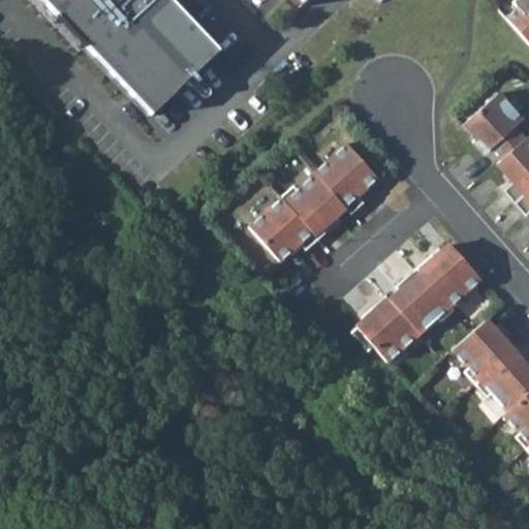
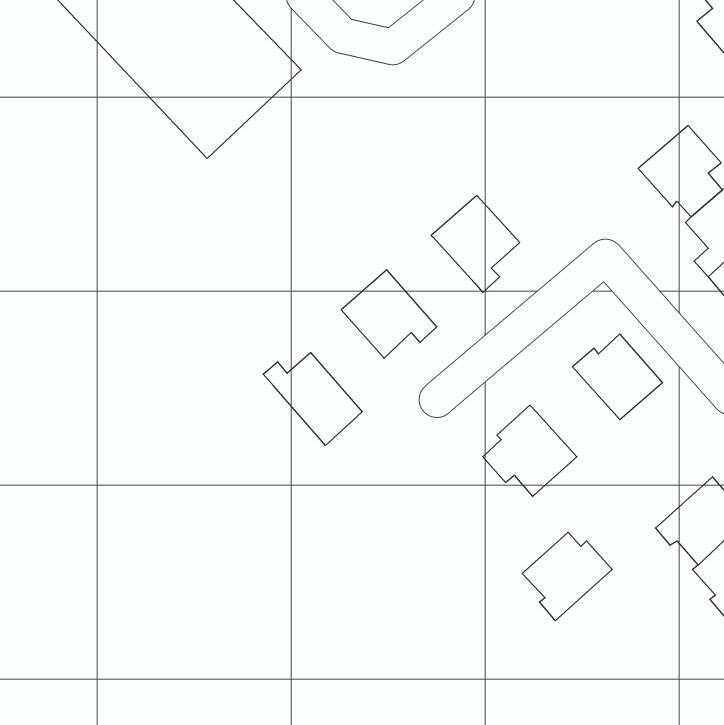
building: [283,172,347,237] -> none
building: none -> [263,353,362,445]
building: [393,266,456,331] -> none
building: [455,318,520,382] -> [522,532,612,621]

